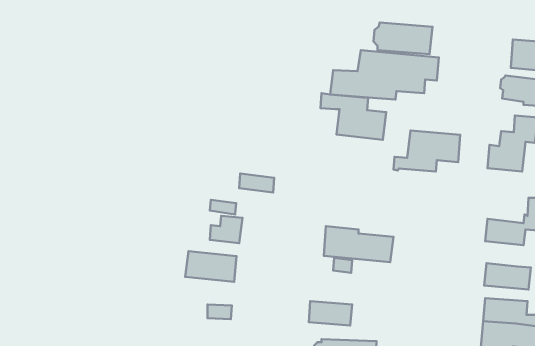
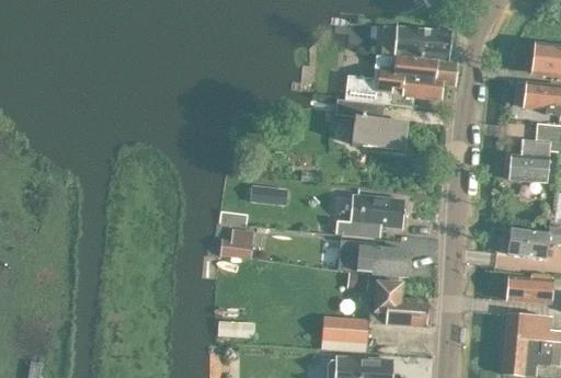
building: [394,130,460,172] -> [334,194,403,237]
building: [185,251,236,282] -> none
building: none -> [370,280,425,324]

